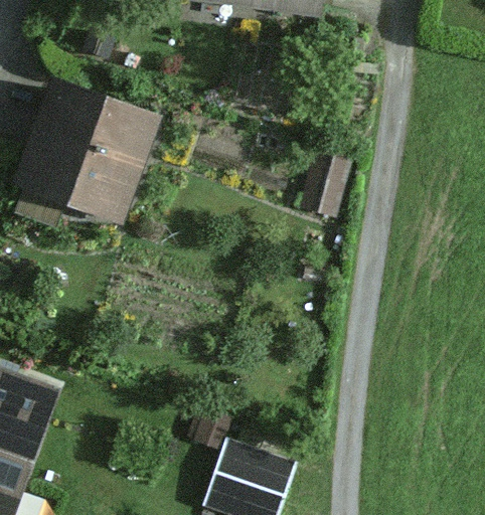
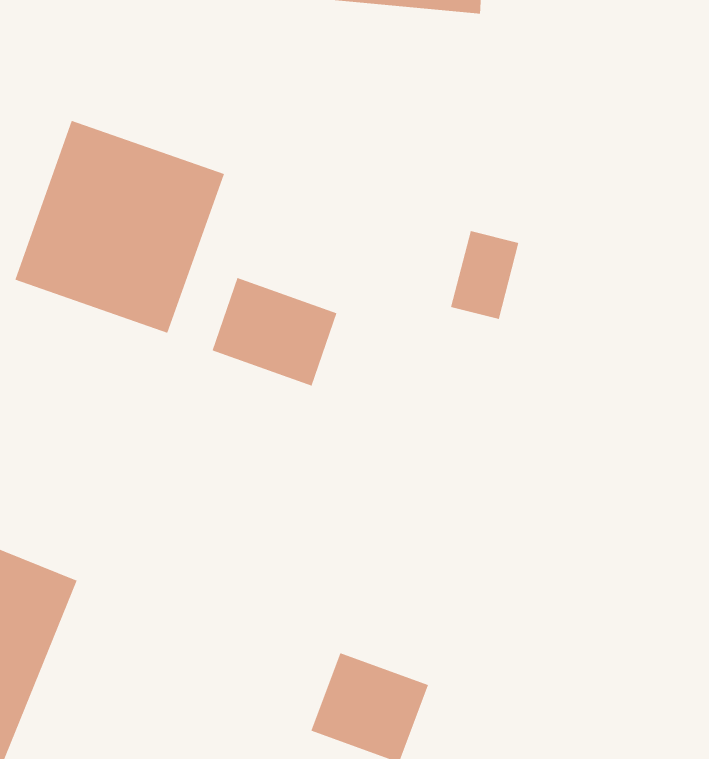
building: none -> [212,277,337,386]

